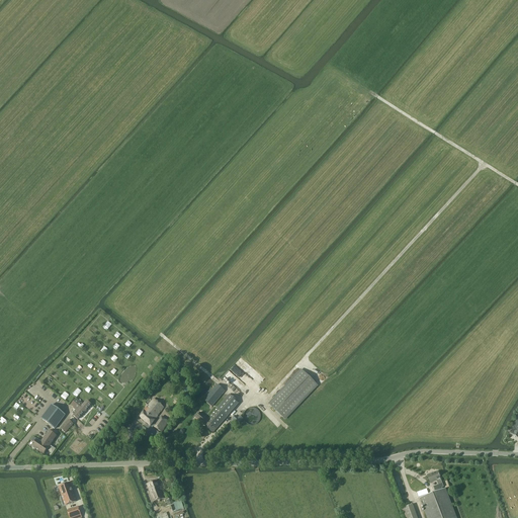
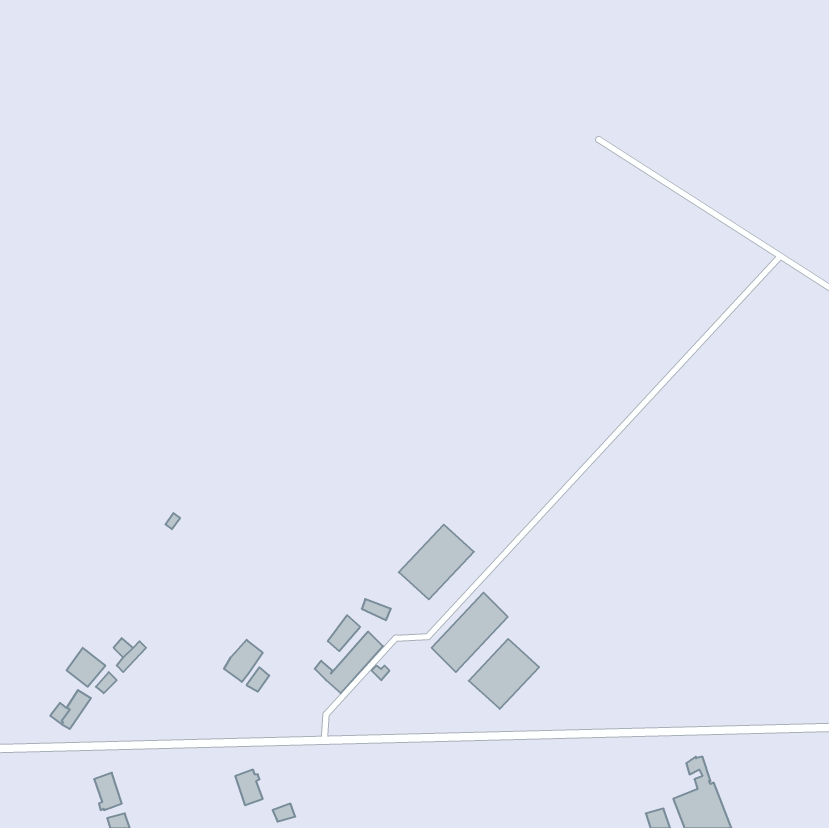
building: none -> [399,525,474,599]
building: none -> [469,639,539,709]

